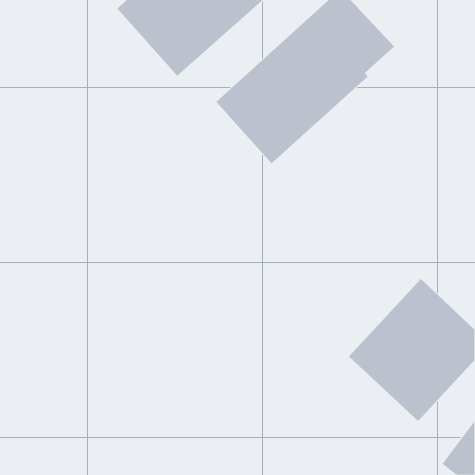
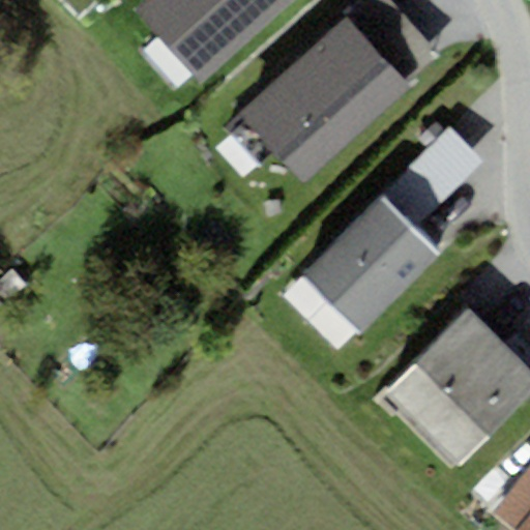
building: none -> [299,123,481,333]

